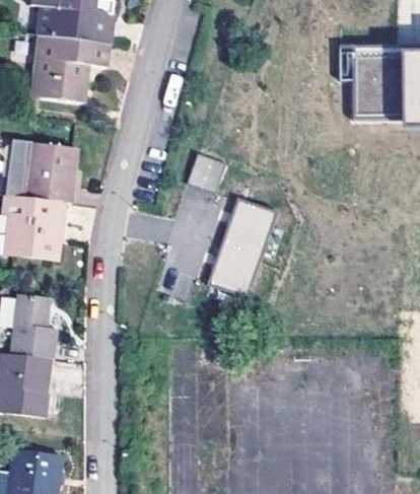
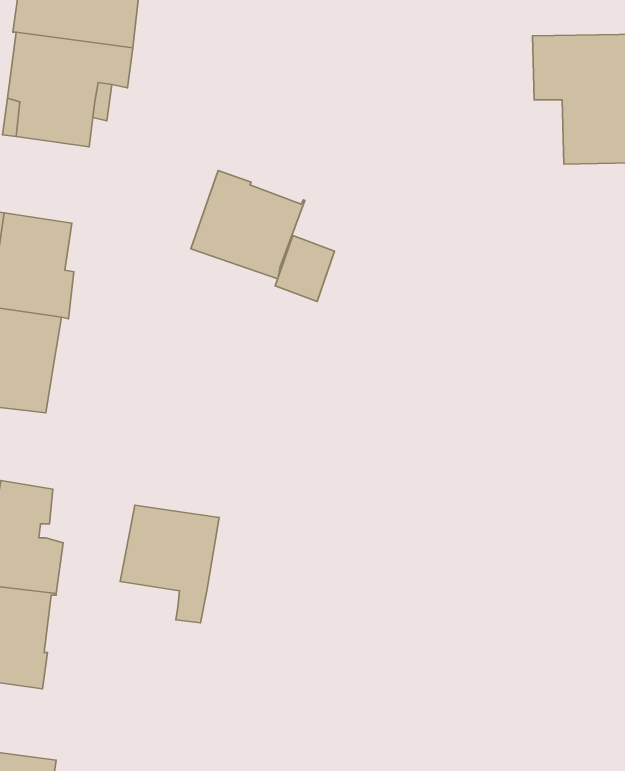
building: none -> [191,170,305,279]
building: [208,197,277,298] -> none
building: none -> [120,505,219,623]

